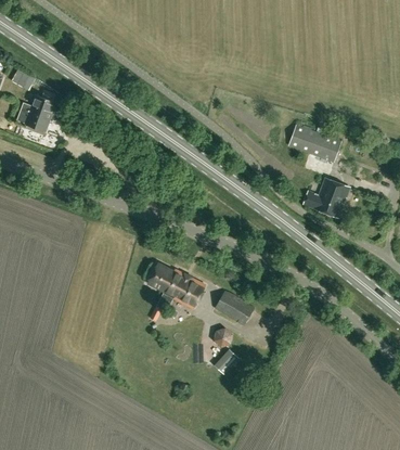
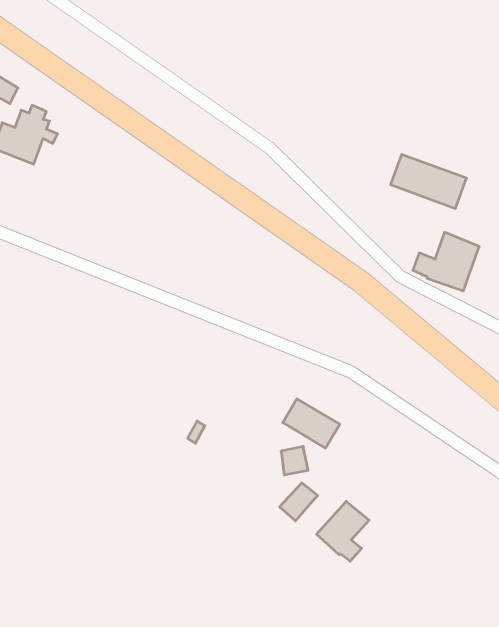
building: [147,265,205,309] -> none
building: none -> [317,501,369,561]

